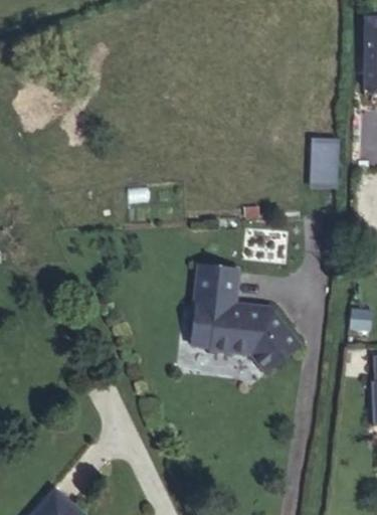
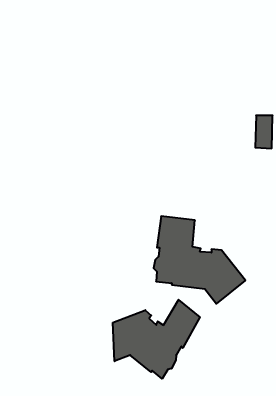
building: none -> [113,300,200,379]

